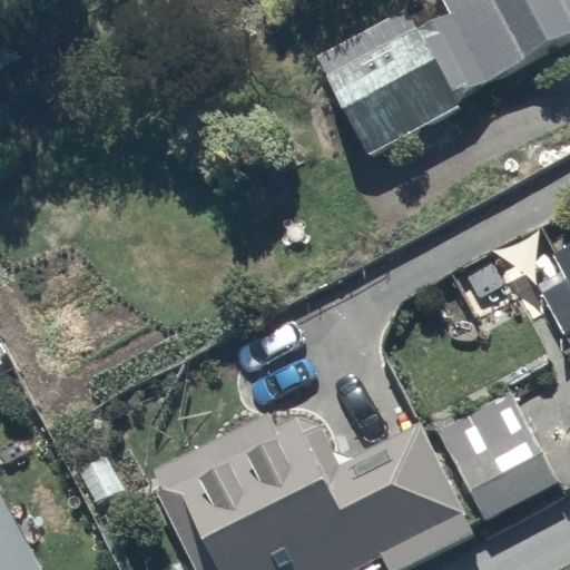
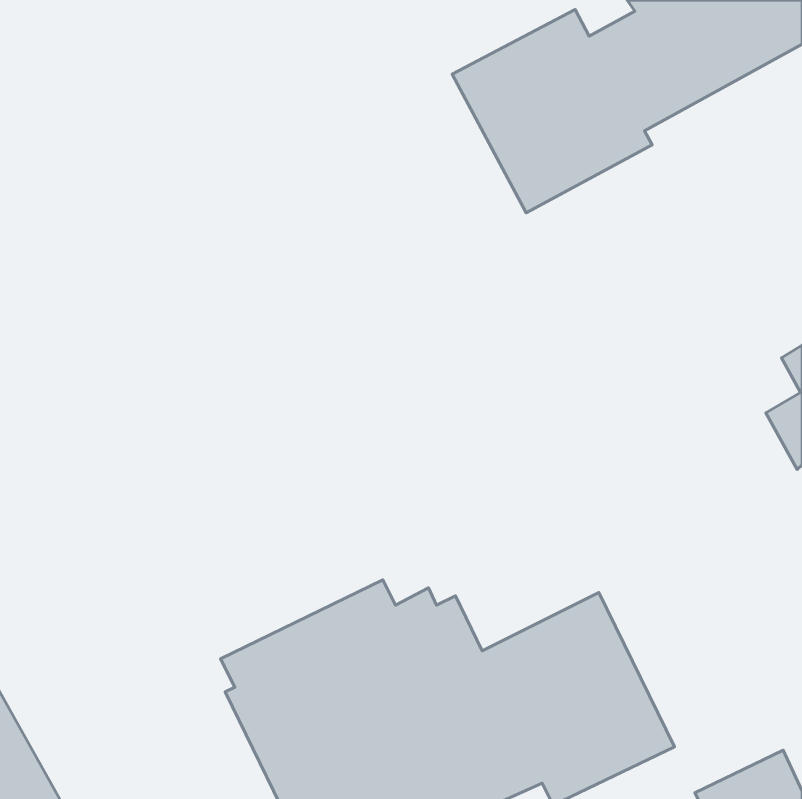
building: [436,394,558,524] -> none

